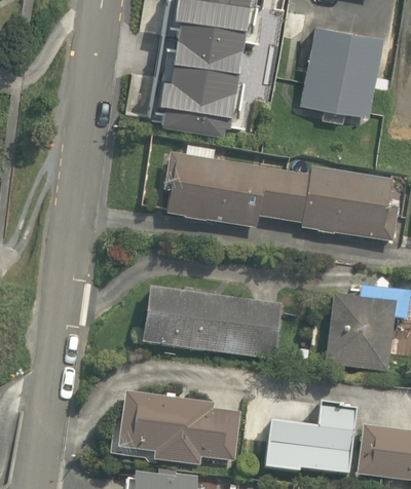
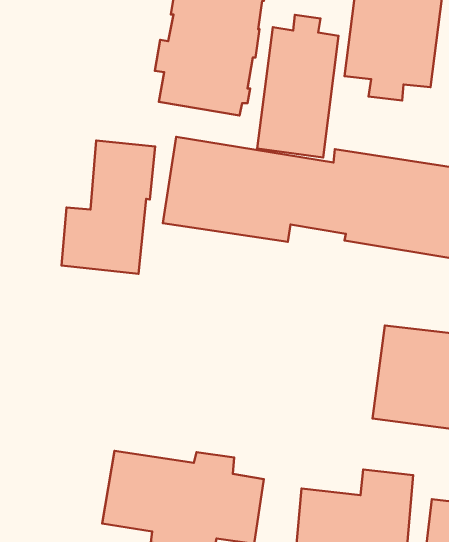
building: none -> [257,15,339,157]
building: none -> [62,140,155,274]
building: [144,287,278,361] -> none

